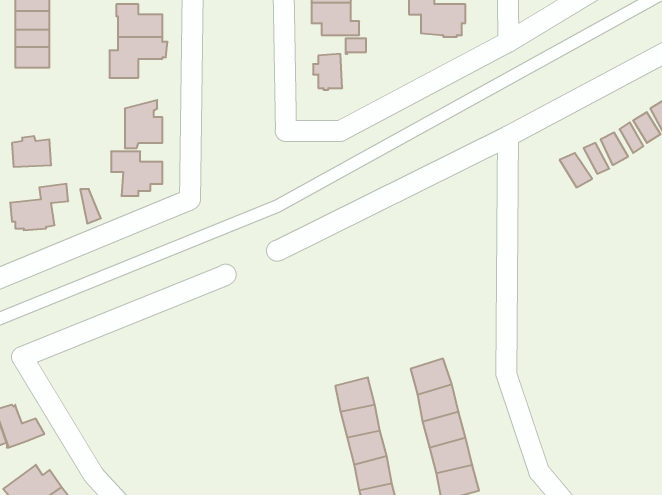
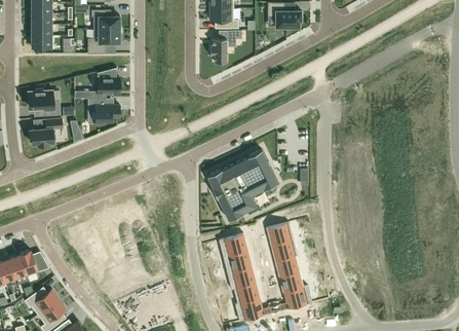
building: none -> [206,150,277,221]

